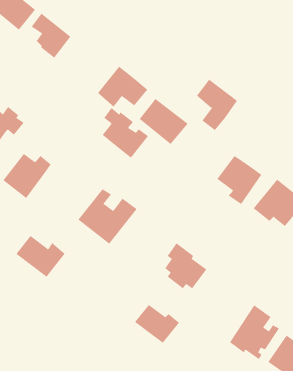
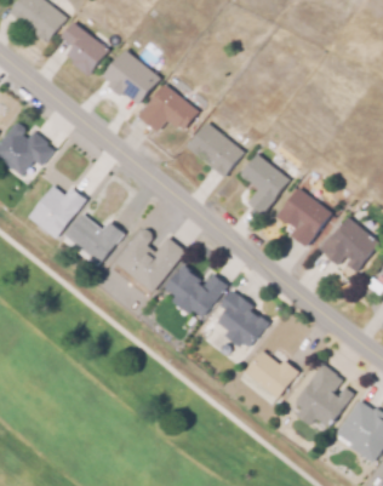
building: none -> [103,48,160,104]
building: [196,79,238,131] -> [241,154,290,215]
building: [102,107,149,159] -> none
building: none -> [165,264,225,318]
building: [16,235,65,278] -> [65,213,124,263]
building: [134,304,180,344] -> [245,348,298,394]

